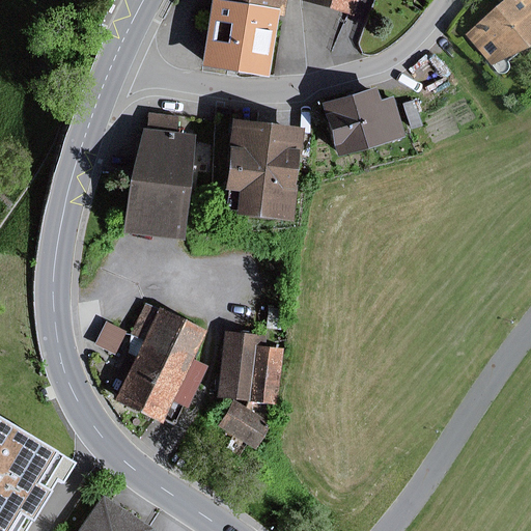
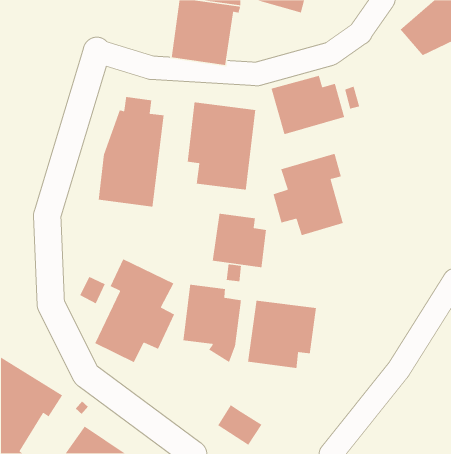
building: none -> [272,153,344,236]
building: none -> [212,213,267,268]
building: none -> [247,300,317,369]
building: [219,399,272,448] -> [217,404,263,446]

